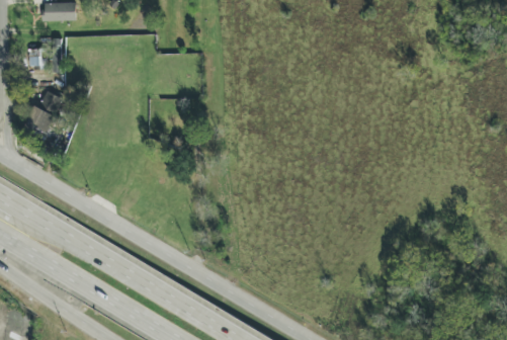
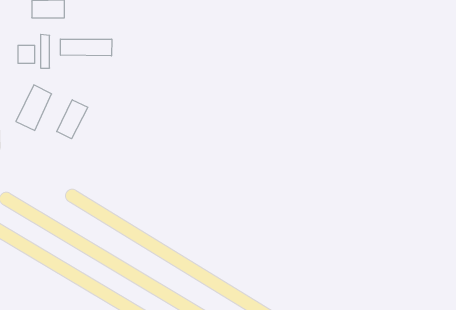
building: none -> [60,39,112,56]
building: none -> [57,100,88,139]

